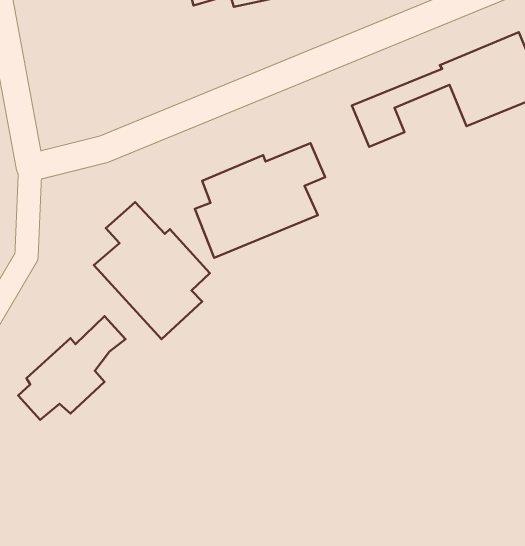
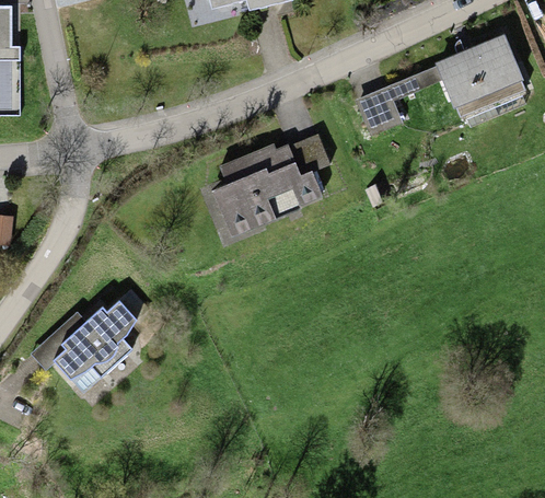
building: [94,202,210,339] -> none

